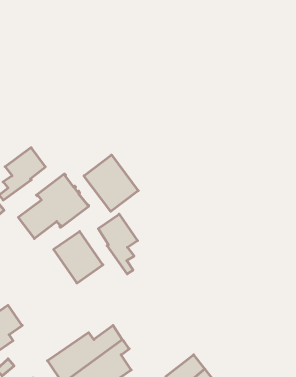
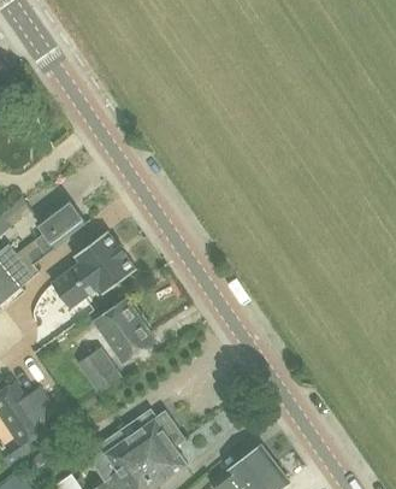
building: [84,155,138,211] -> none
building: [98,214,138,274] -> none
building: none -> [77,346,122,393]

